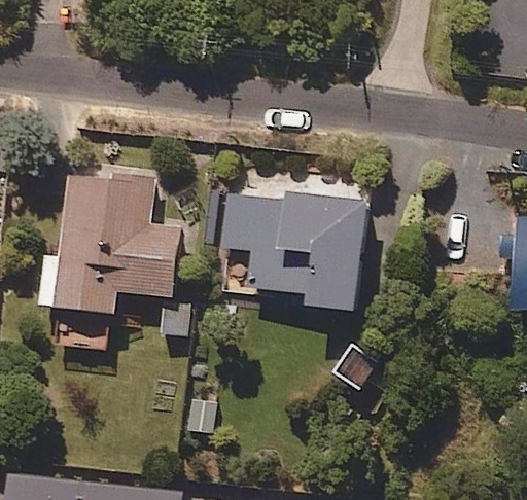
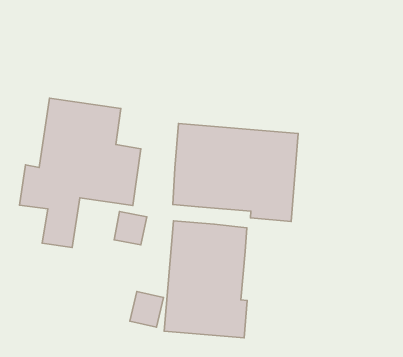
building: none -> [164,221,247,338]

